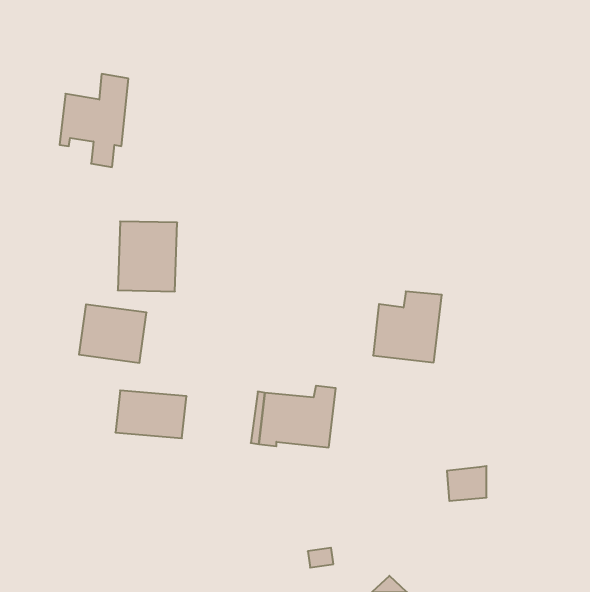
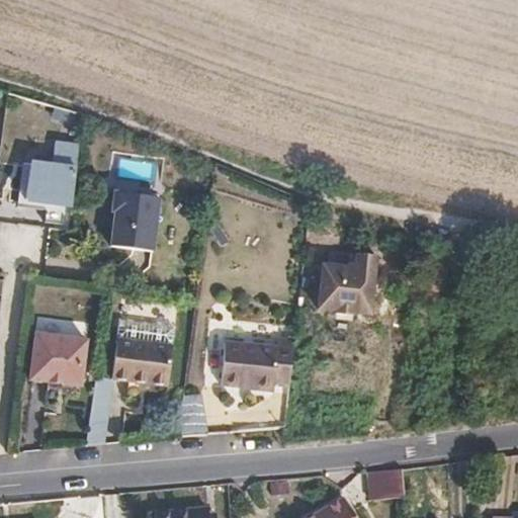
building: [60,74,128,167] -> [15,140,75,221]
building: [79,304,147,363] -> [23,333,82,383]
building: [447,466,487,501] -> [368,466,403,497]

